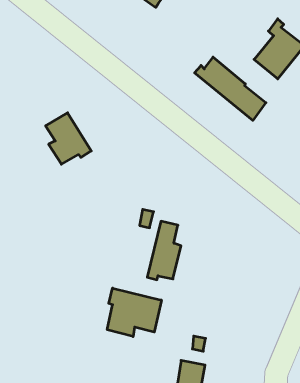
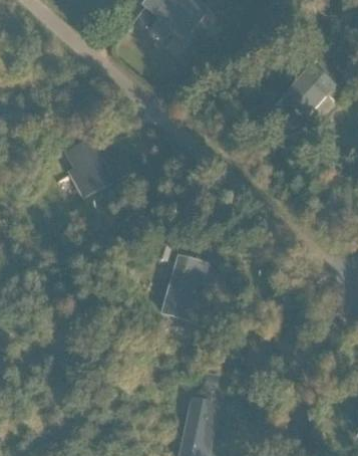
building: [195,57,266,120] -> none
building: [107,288,161,337] -> none

